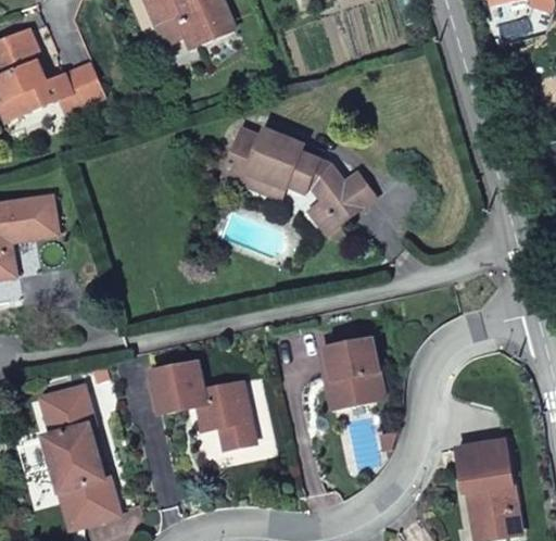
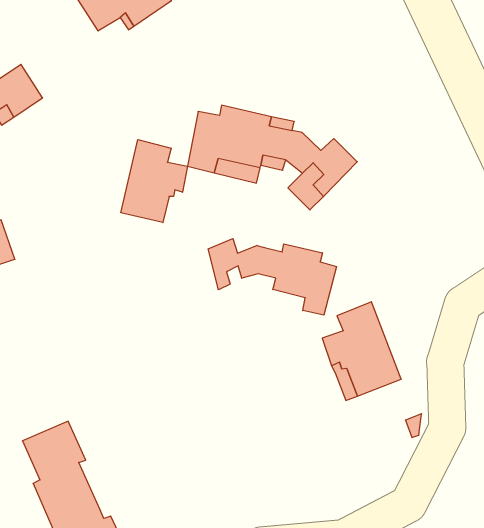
building: none -> [121,140,187,223]
building: none -> [208,239,336,315]
building: [150,360,253,448] -> none

